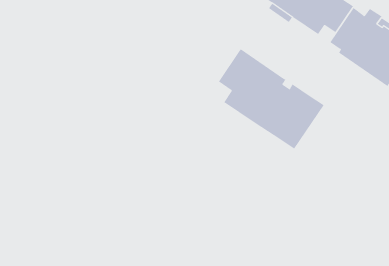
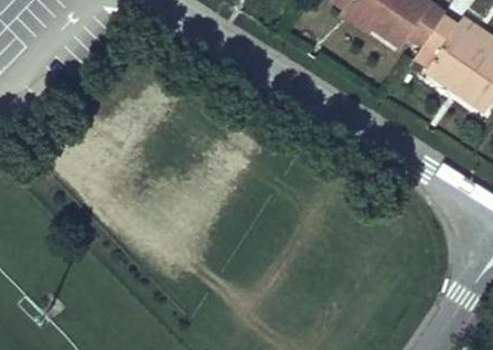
building: [218,48,325,149] -> none

